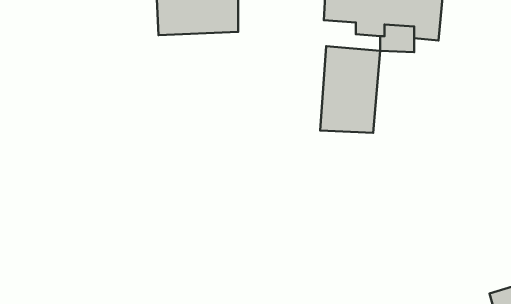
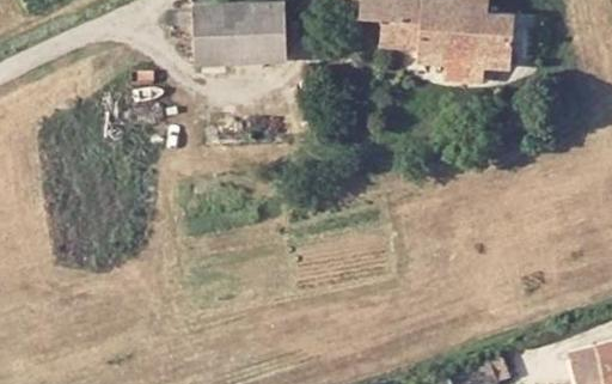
building: [320,46,380,133] -> none

